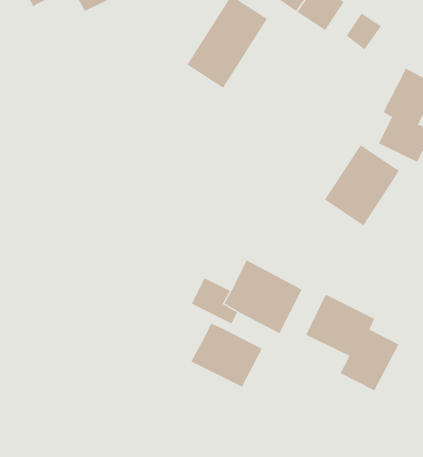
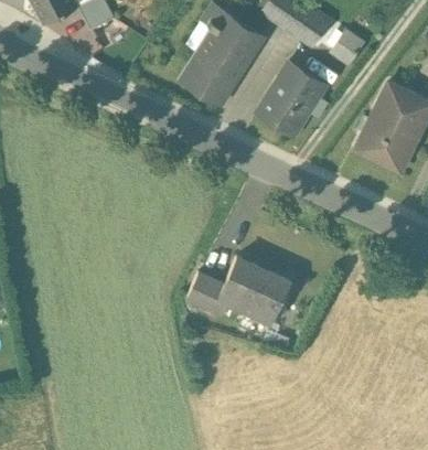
building: [324,145,400,226] -> [257,61,327,136]
building: [305,294,399,391] -> none
building: [191,323,262,388] -> none

